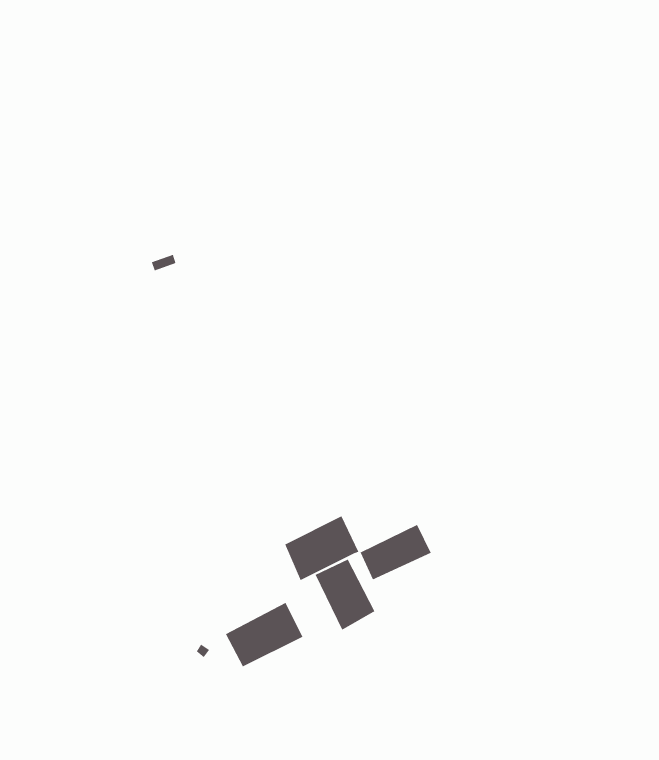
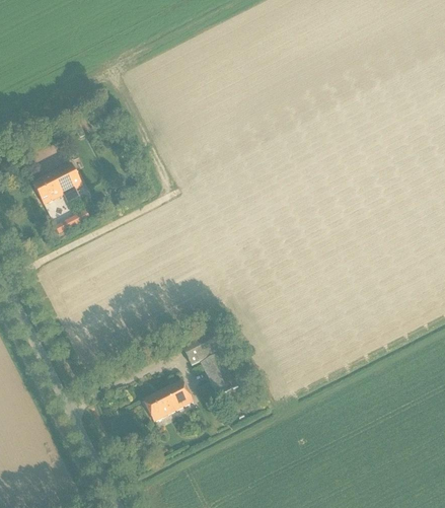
building: none -> [34,166,83,207]
building: [359,524,432,581] -> none

